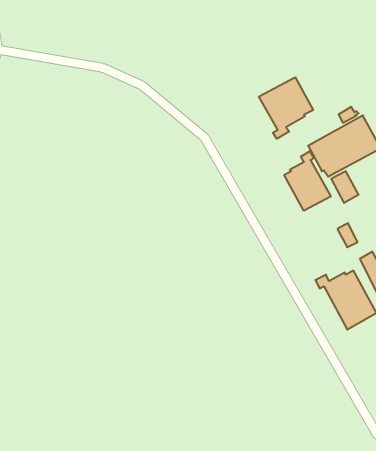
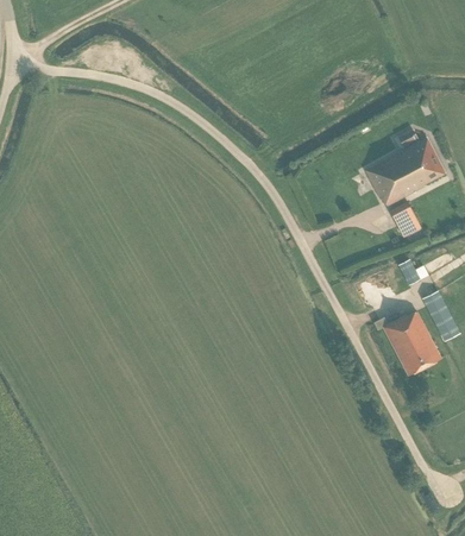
building: [259,77,313,139] -> none
building: [284,151,331,211] -> none

